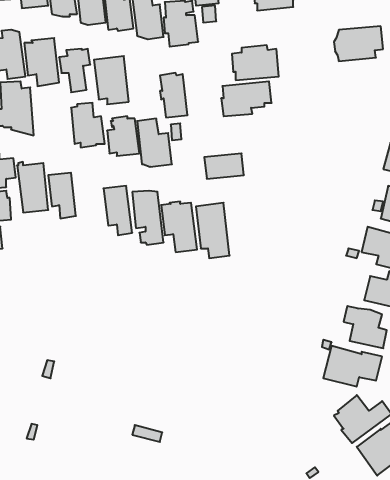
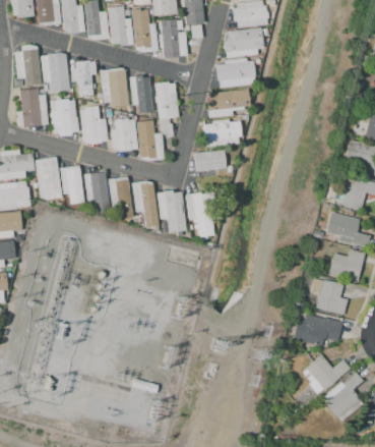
building: [334,26,383,61] -> [223,29,264,58]
building: none -> [129,75,152,114]
building: none -> [50,99,79,137]
building: none -> [202,119,243,148]
building: none -> [83,170,110,213]

